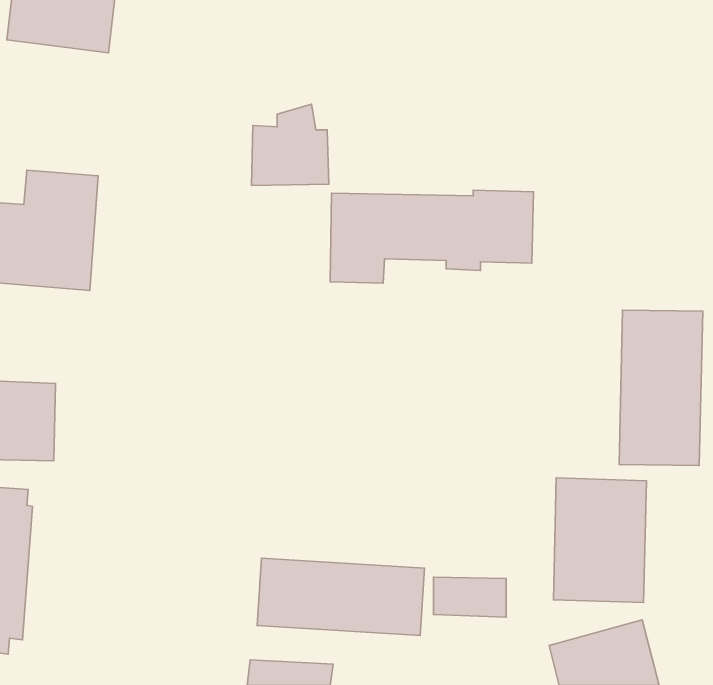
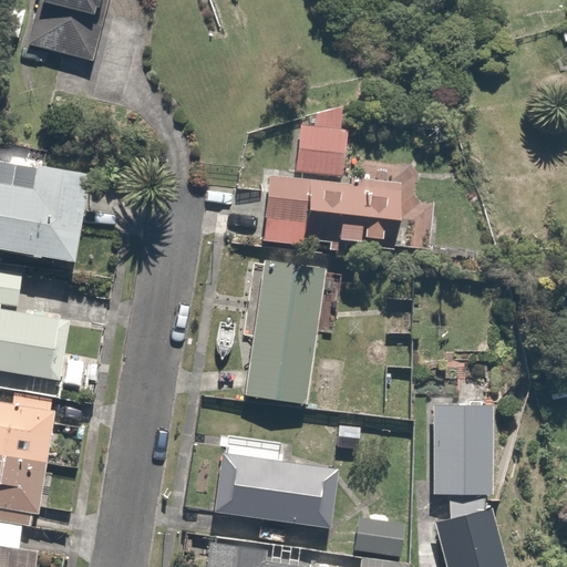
building: [251,104,329,186] -> [299,109,359,172]
building: none -> [241,262,330,405]
building: [619,310,703,465] -> none
building: [433,577,506,617] -> [351,517,408,548]

